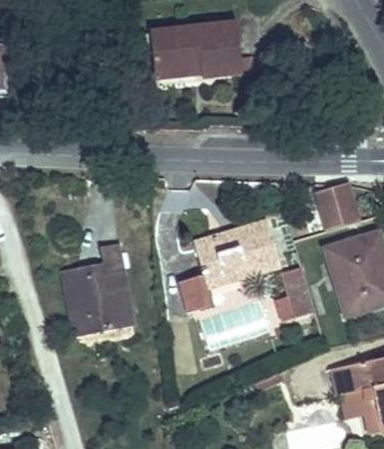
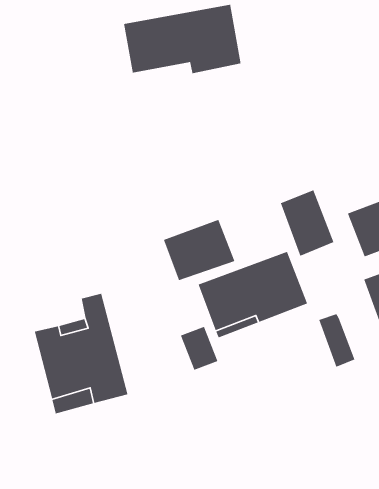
building: none -> [280,189,334,257]
building: none -> [163,219,235,281]

